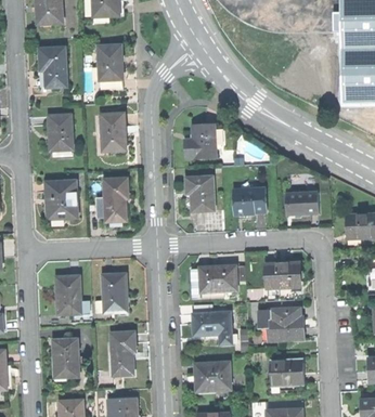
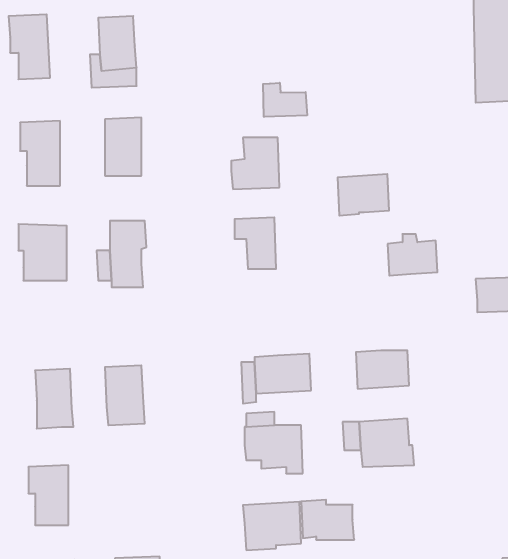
building: none -> [263,83,307,117]
building: [233,187,267,214] -> [338,174,389,216]
building: [113,331,138,376] -> none
building: [270,359,305,385] -> [301,500,354,540]

